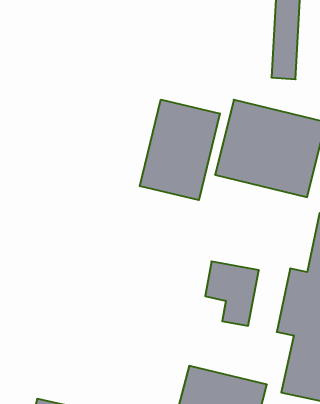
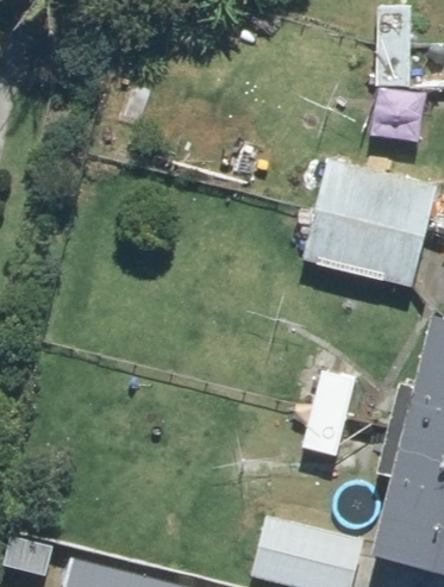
building: [140,100,220,200] -> none

